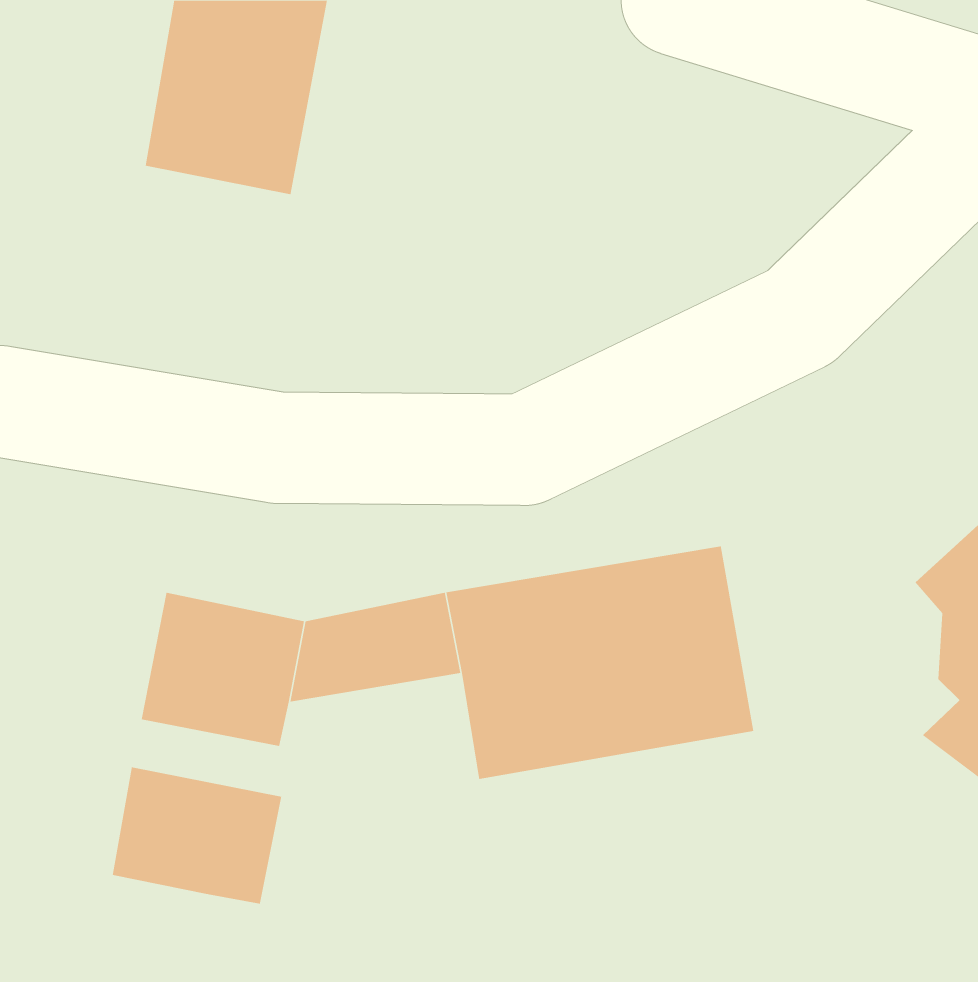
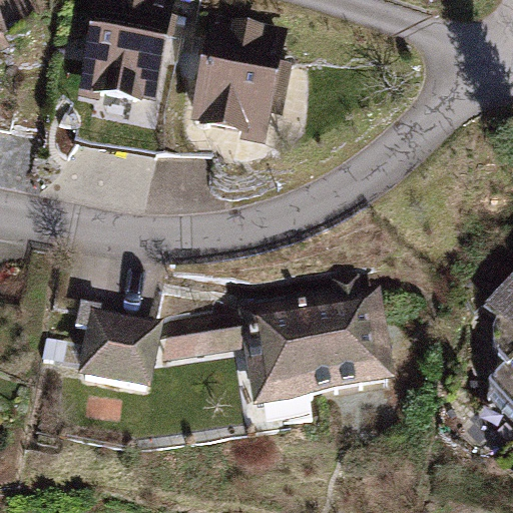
building: none -> [186,17,291,136]
building: [112,767,282,904] -> none

